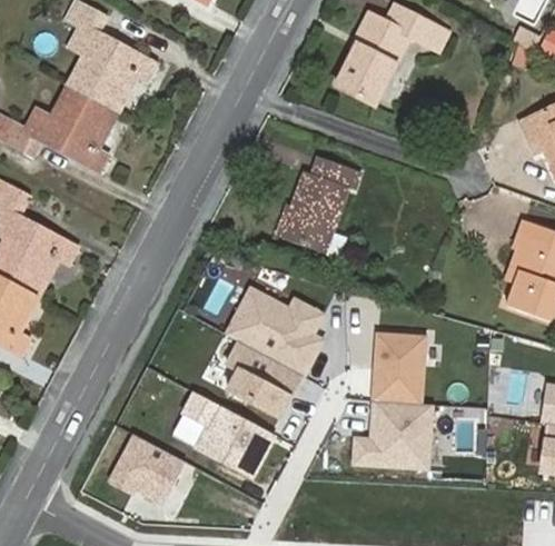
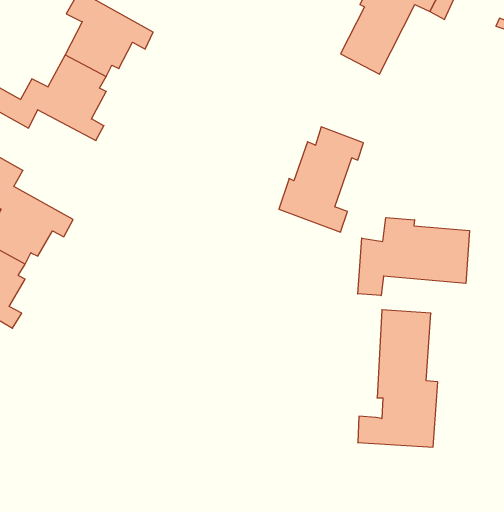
building: none -> [358,218,470,296]
building: [226,287,324,417] -> none
building: [184,391,275,477] -> none
building: [109,434,186,503] -> none

